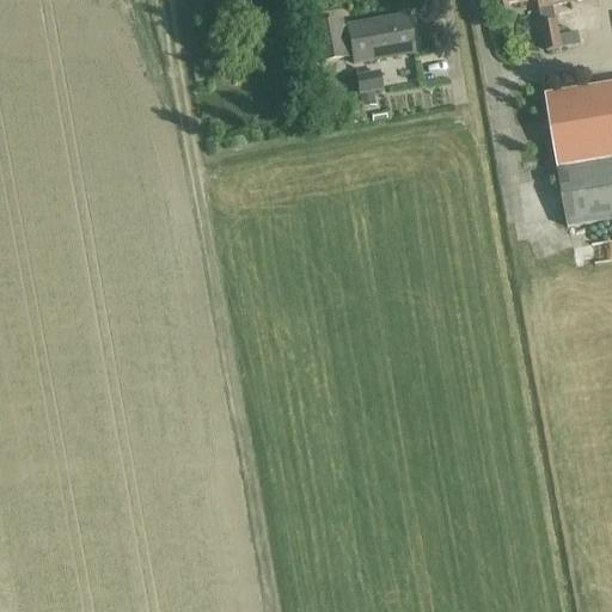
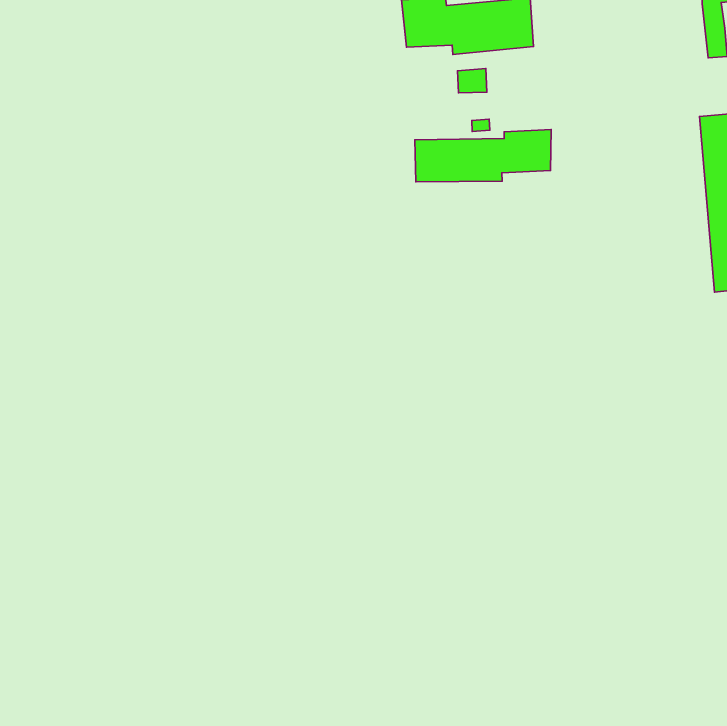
building: none -> [415,130,551,182]

